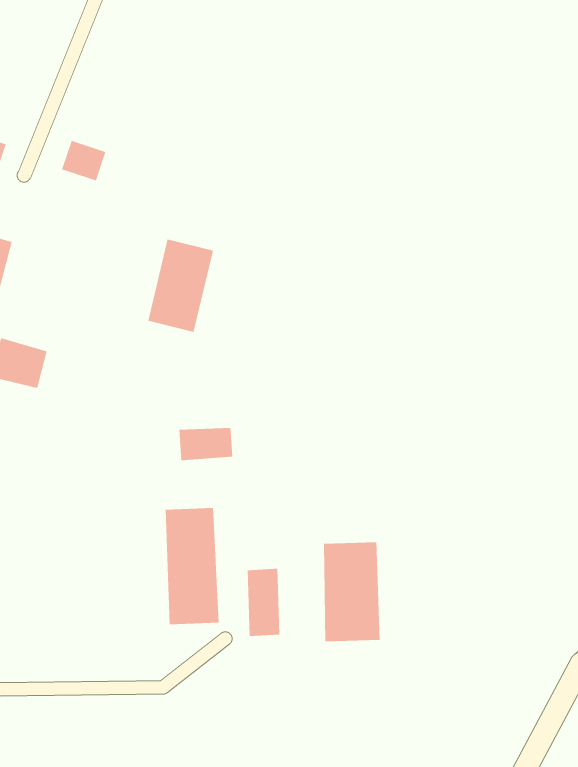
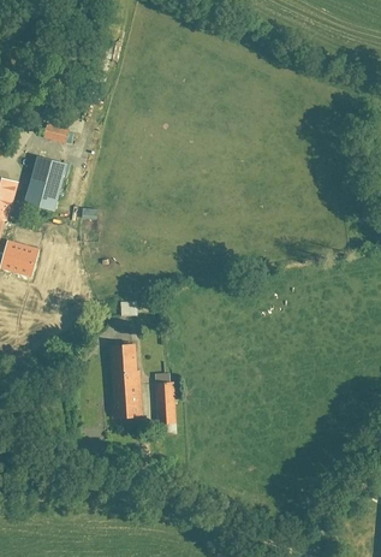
building: [147,239,214,333] -> [28,154,69,212]
building: [324,542,380,642] -> none

